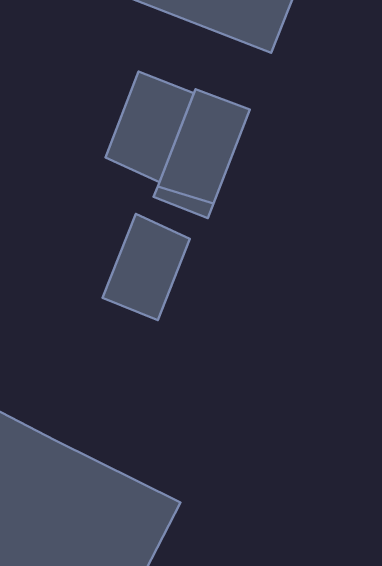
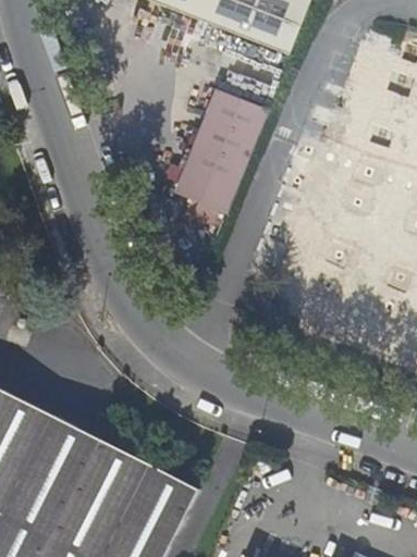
building: [105,71,194,182] -> none
building: [102,214,190,320] -> none

